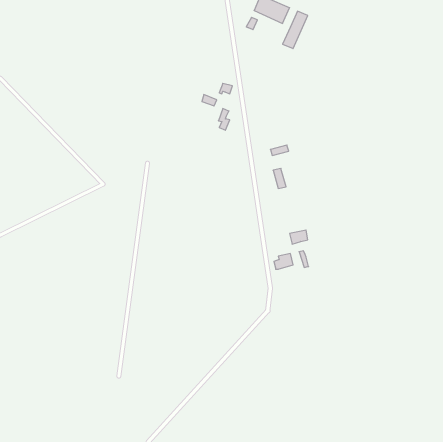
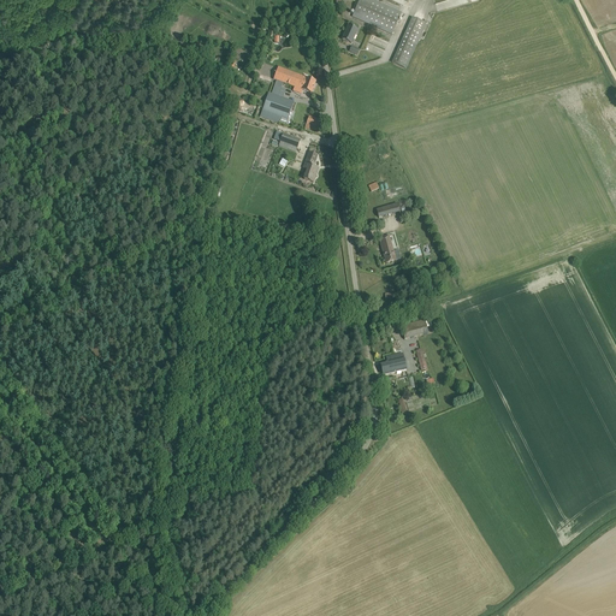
building: none -> [260,66,315,122]

